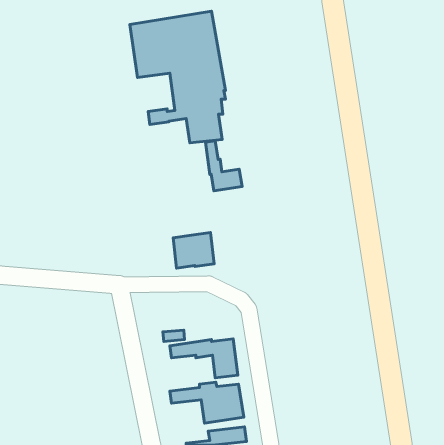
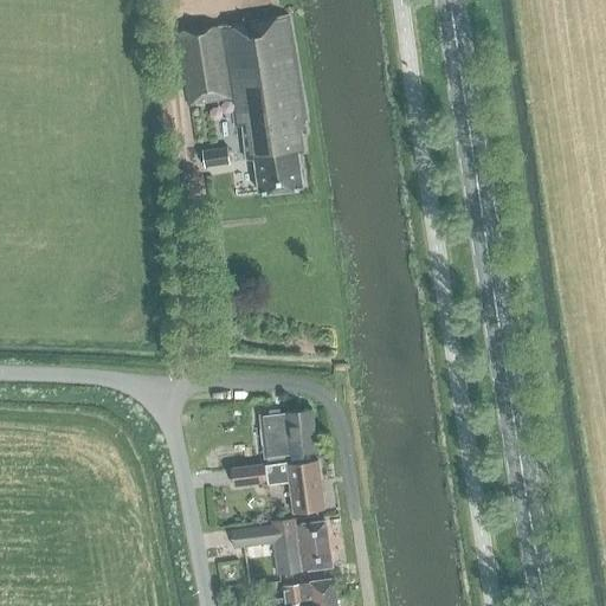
building: [206,141,242,191] -> none
building: [173,233,214,268] -> [262,410,317,458]

